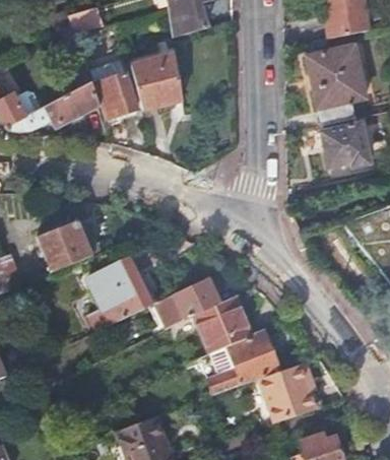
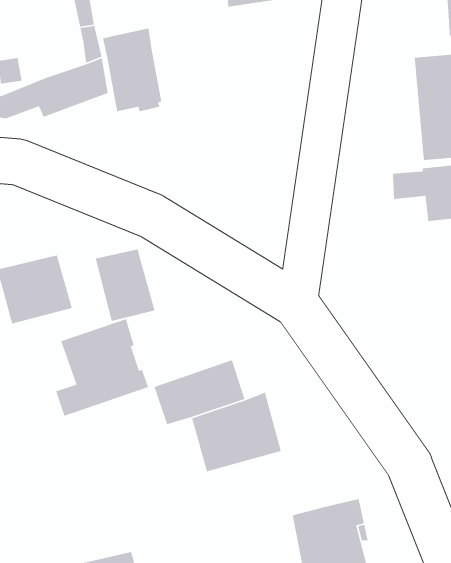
building: [131,52,183,109] -> none
building: none -> [95,248,156,322]
building: [200,329,281,394] -> none

